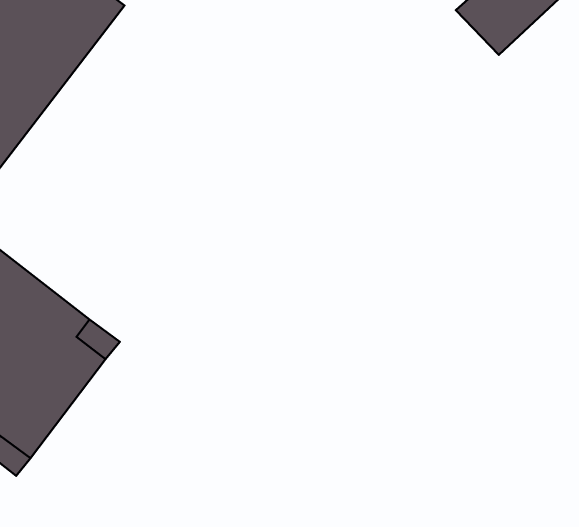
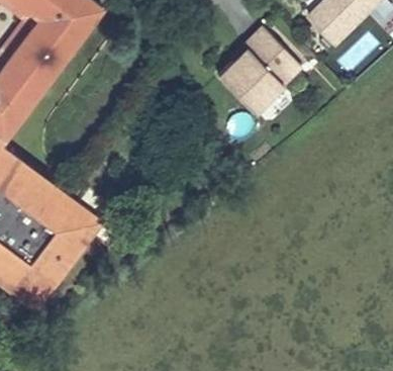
building: none -> [220,26,304,113]

